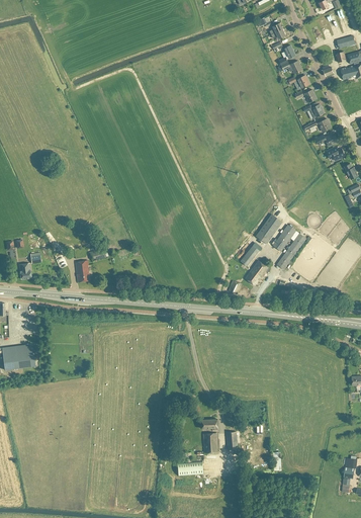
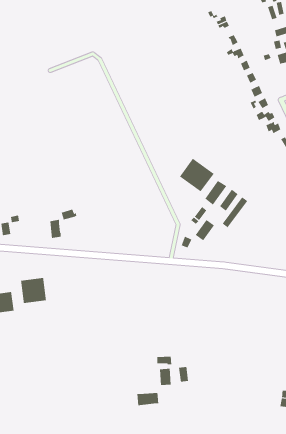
building: none -> [179,158,214,192]
building: none -> [20,277,47,304]

